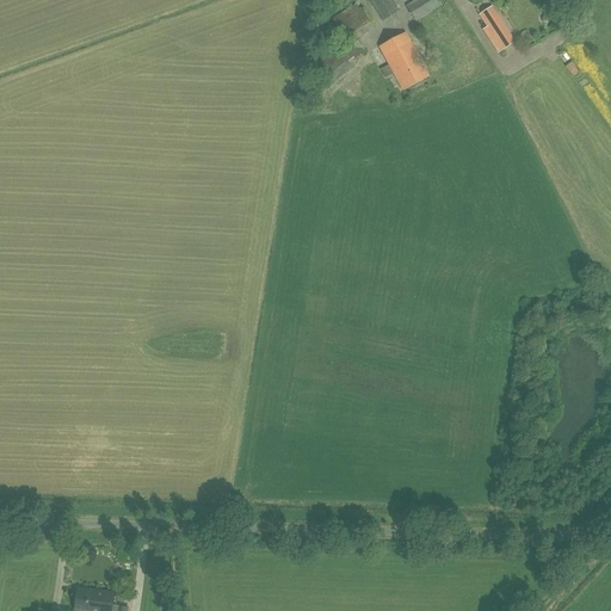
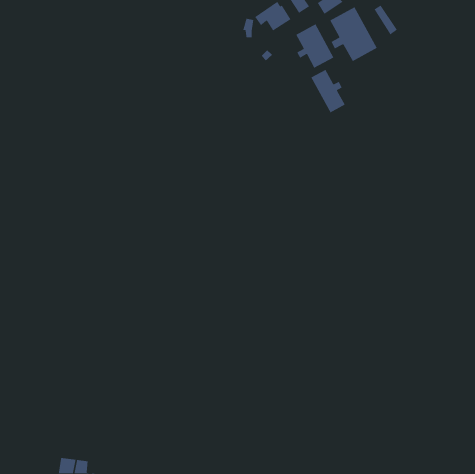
building: none -> [329,6,378,62]
building: none -> [310,69,346,114]

